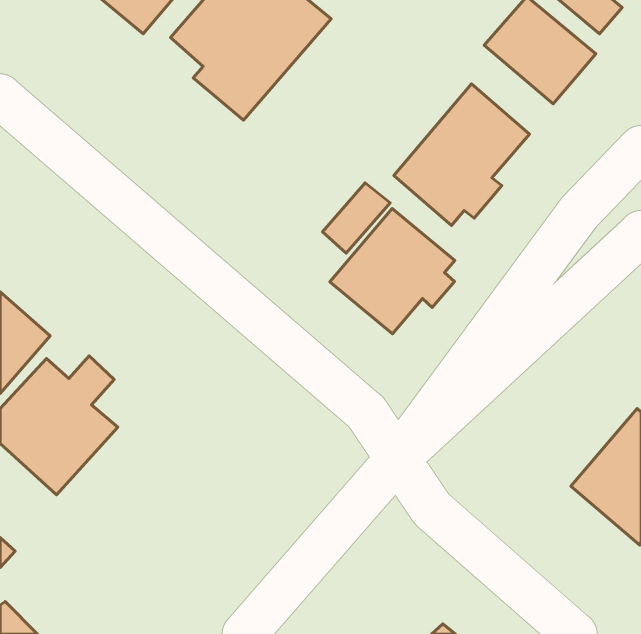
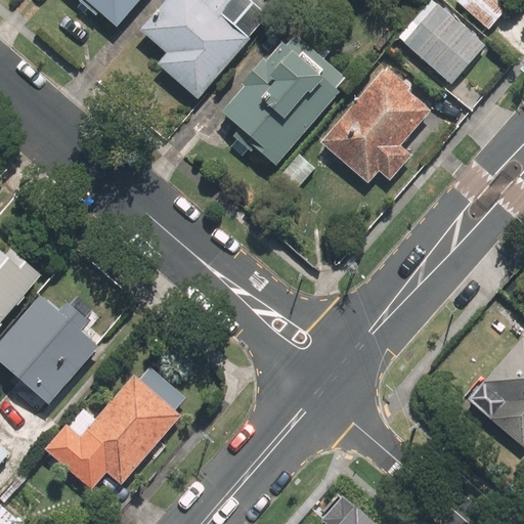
building: none -> [219,33,341,168]
building: [330,208,455,334] -> none
building: none -> [48,349,192,489]

